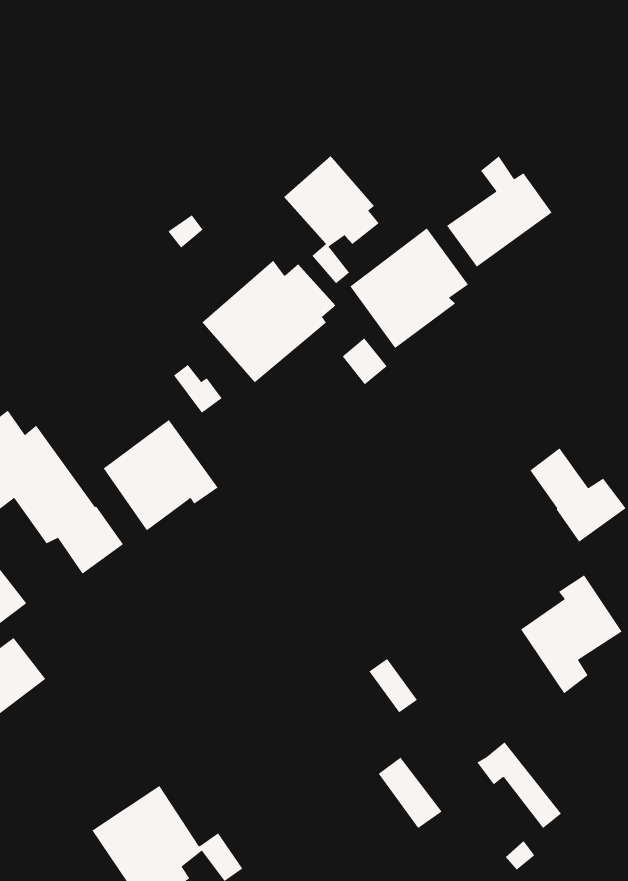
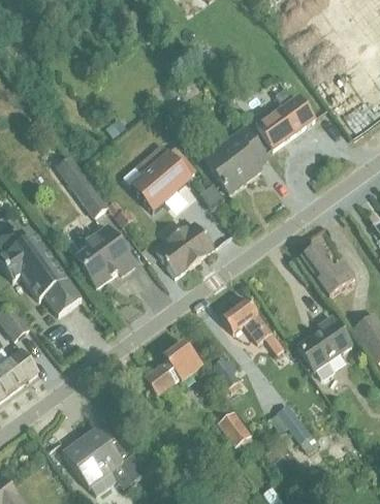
building: [283,155,379,284] -> none
building: none -> [58,159,106,219]
building: none -> [156,220,215,276]
building: none -> [222,298,284,354]
building: none -> [145,343,203,398]

